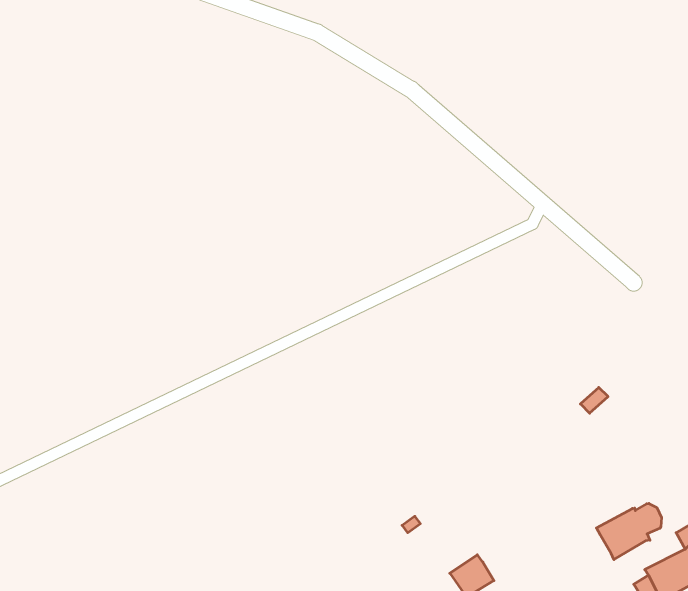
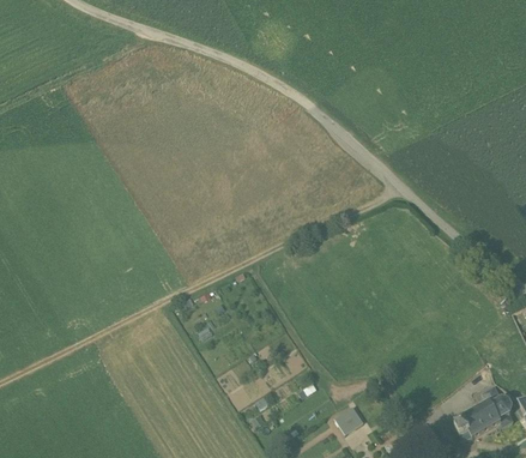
building: [596,503,662,560] -> none

